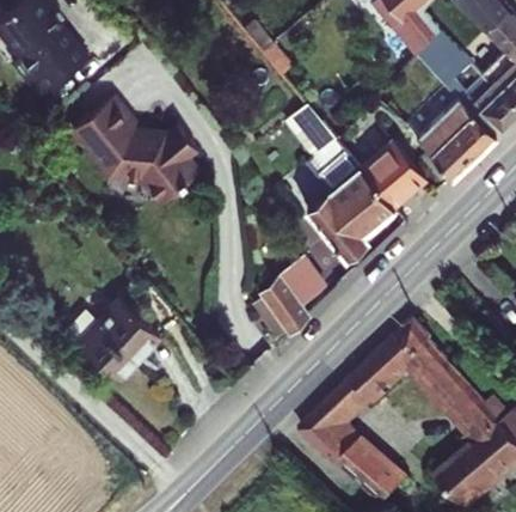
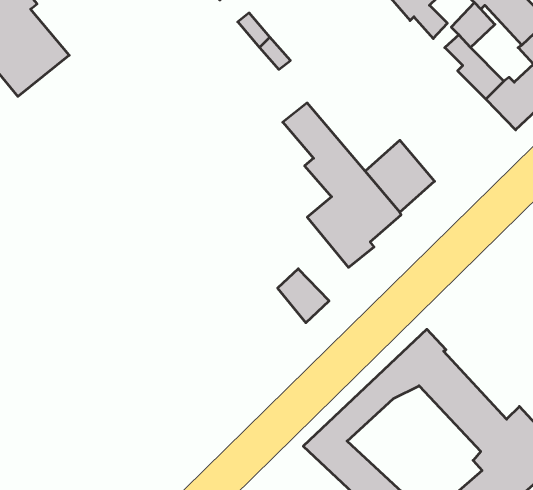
building: [66,98,201,205] -> none
building: [413,100,493,190] -> none
building: [252,279,307,337] -> none
building: [67,301,158,379] -> none

